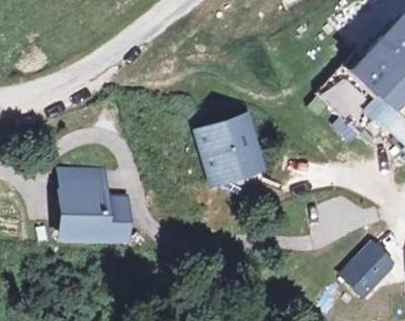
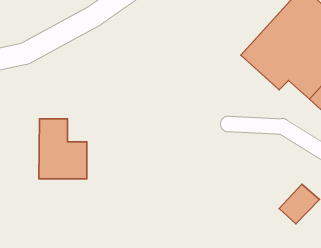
building: [197,110,273,187] -> none

